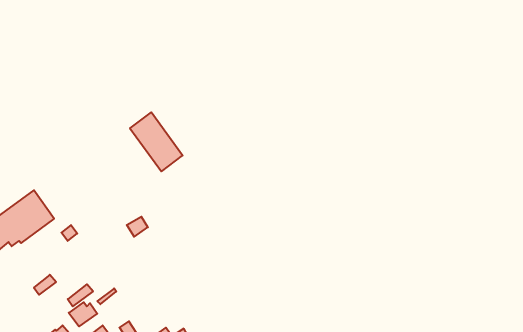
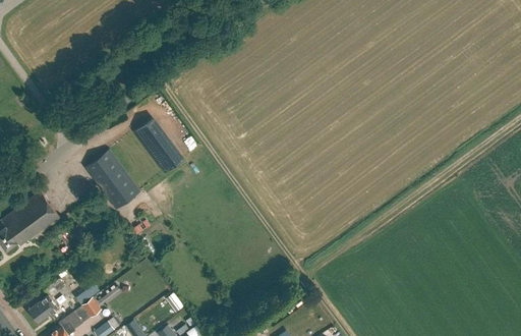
building: none -> [84,149,140,210]
building: none -> [28,294,58,322]

